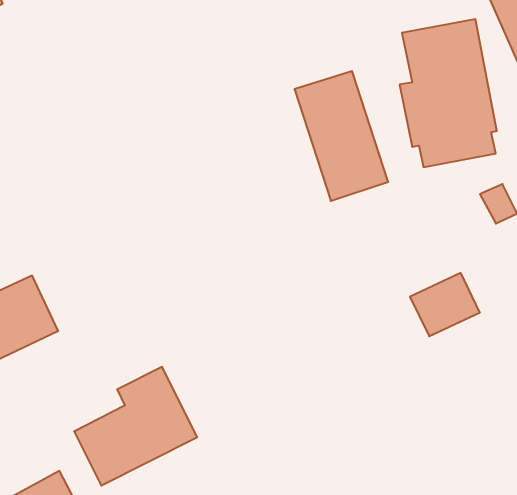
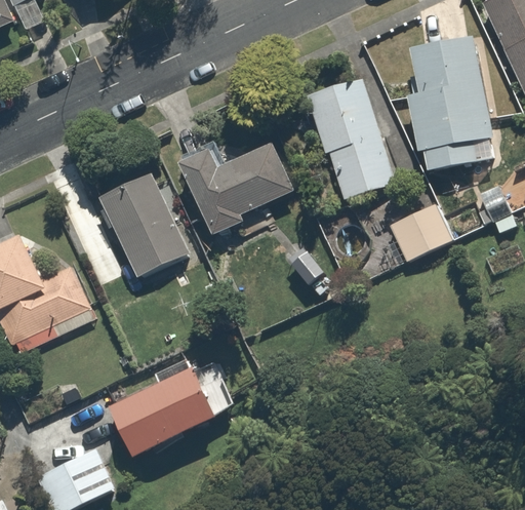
building: none -> [177,140,294,233]
building: none -> [99,174,188,277]
building: [410,273,480,336] -> [389,202,452,260]

